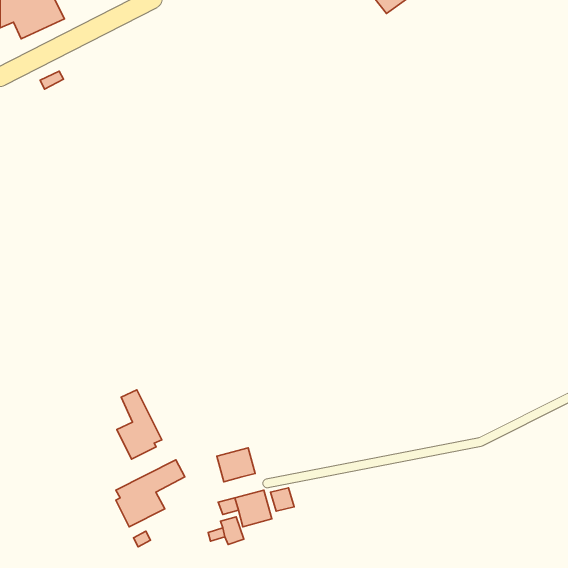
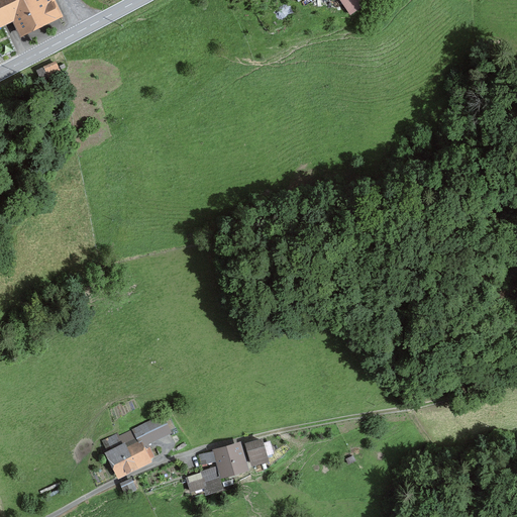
building: [117,390,162,459] -> none
building: [217,448,255,482] -> none

